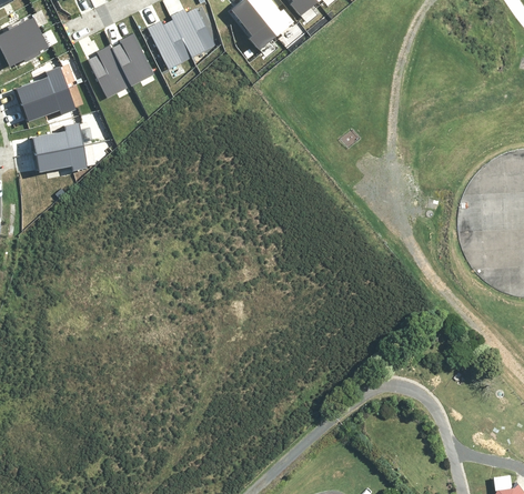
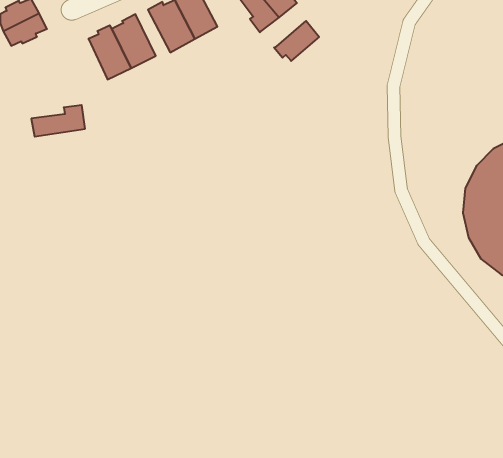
building: none -> [274,21,319,61]
building: [13,65,74,121] -> none
building: [34,145,87,171] -> none

